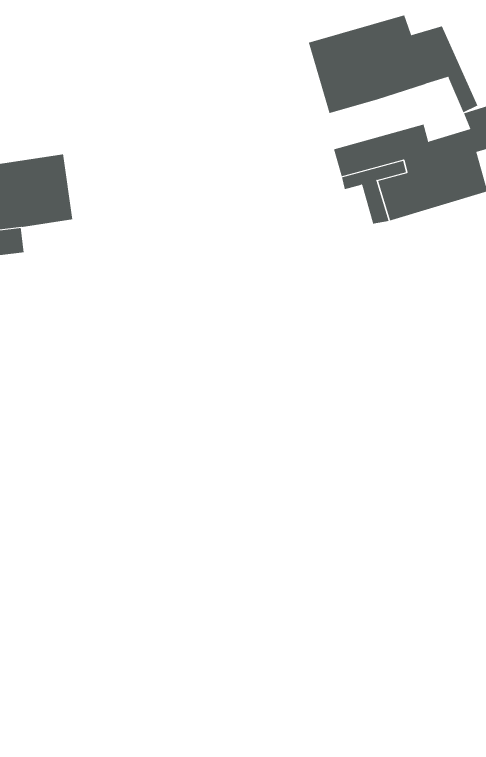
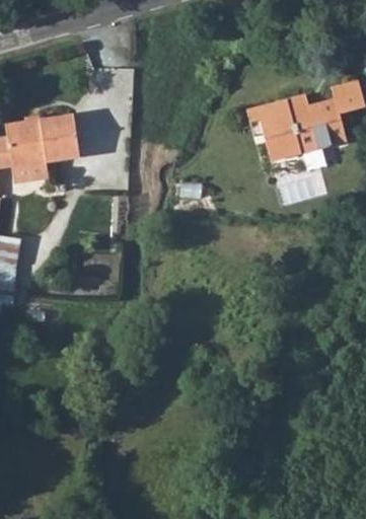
building: [308,15,478,114] -> none

